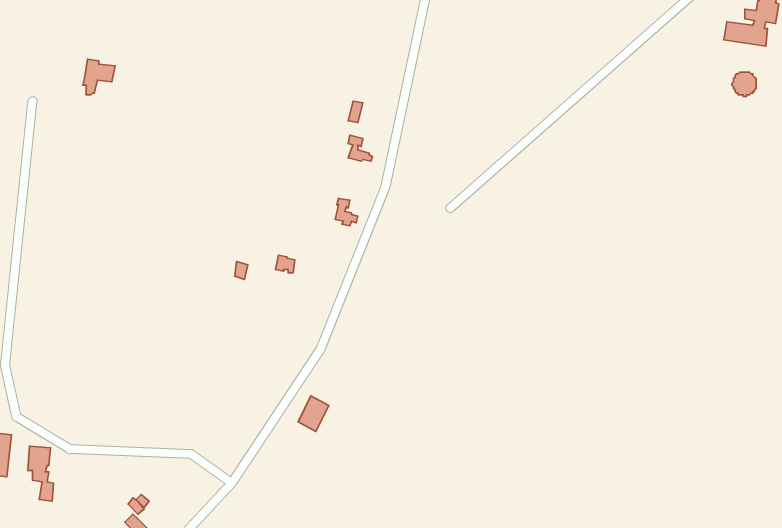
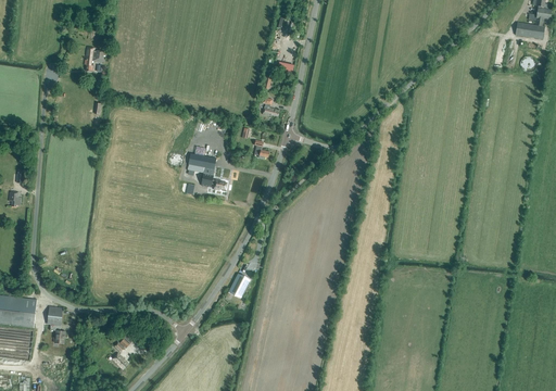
building: none -> [188,153,216,187]

